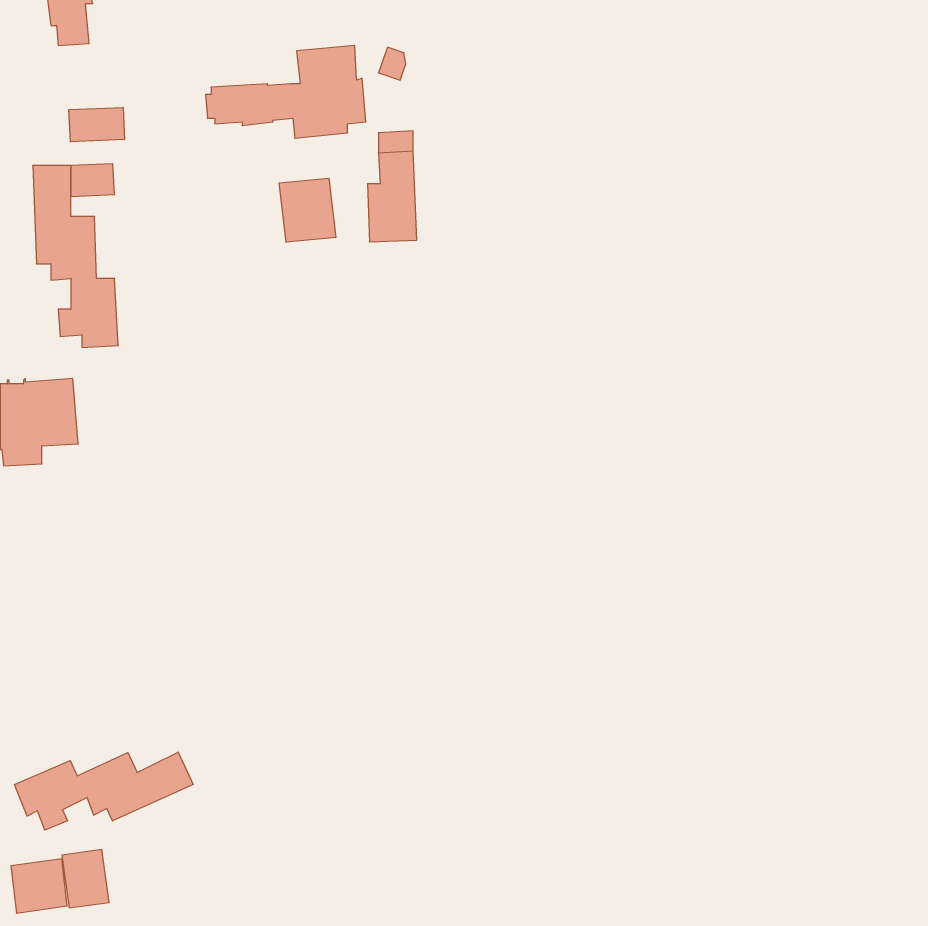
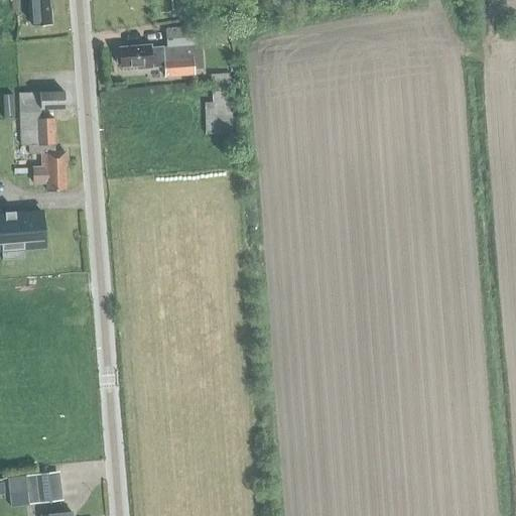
building: [69,107,124,142] -> none
building: [279,178,336,242] -> none
building: [14,752,193,830] -> none

